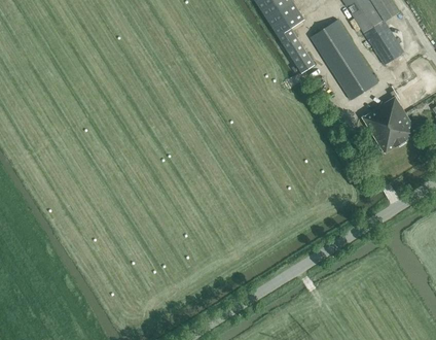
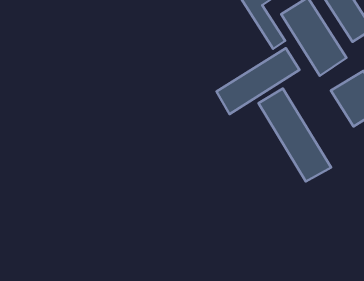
building: none -> [216,48,299,114]
building: none -> [259,88,331,182]

